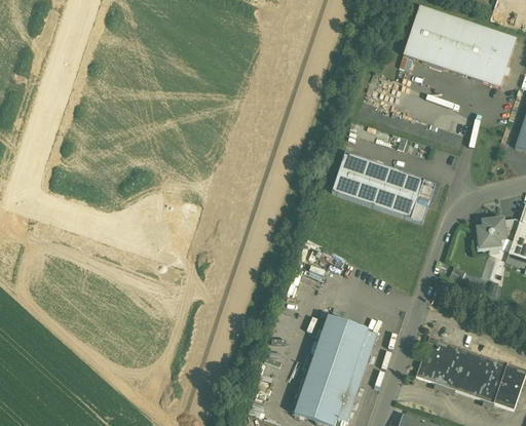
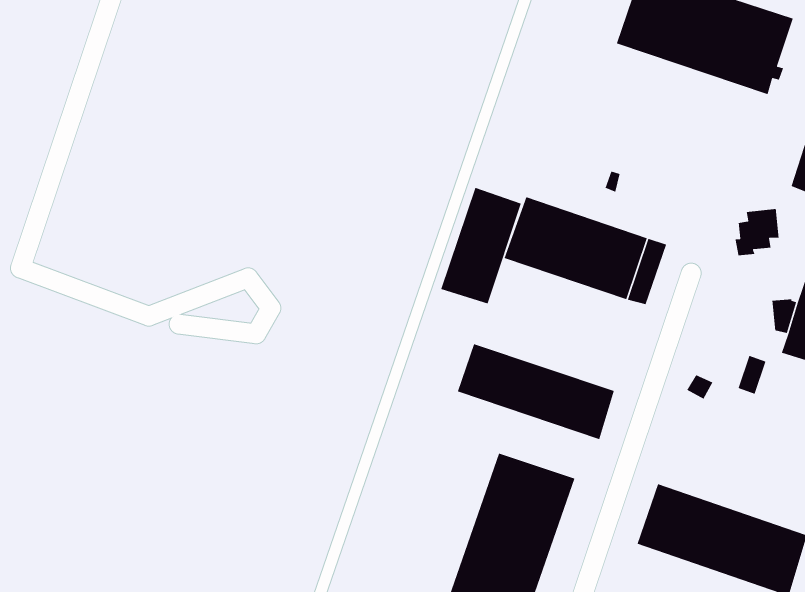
building: none -> [440,187,522,305]
building: [476,218,504,248] -> [735,208,780,256]
building: none -> [457,343,615,440]

